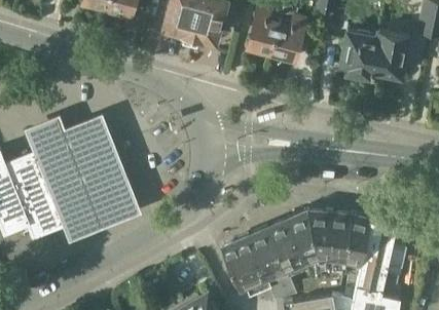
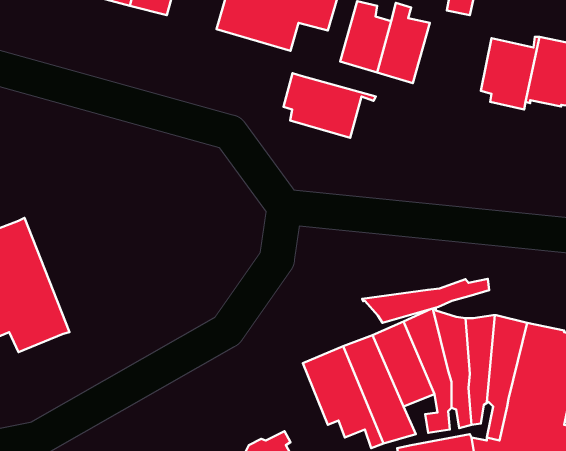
building: none -> [283,73,376,138]
building: [26,116,142,243] -> none
building: none -> [362,279,489,323]

